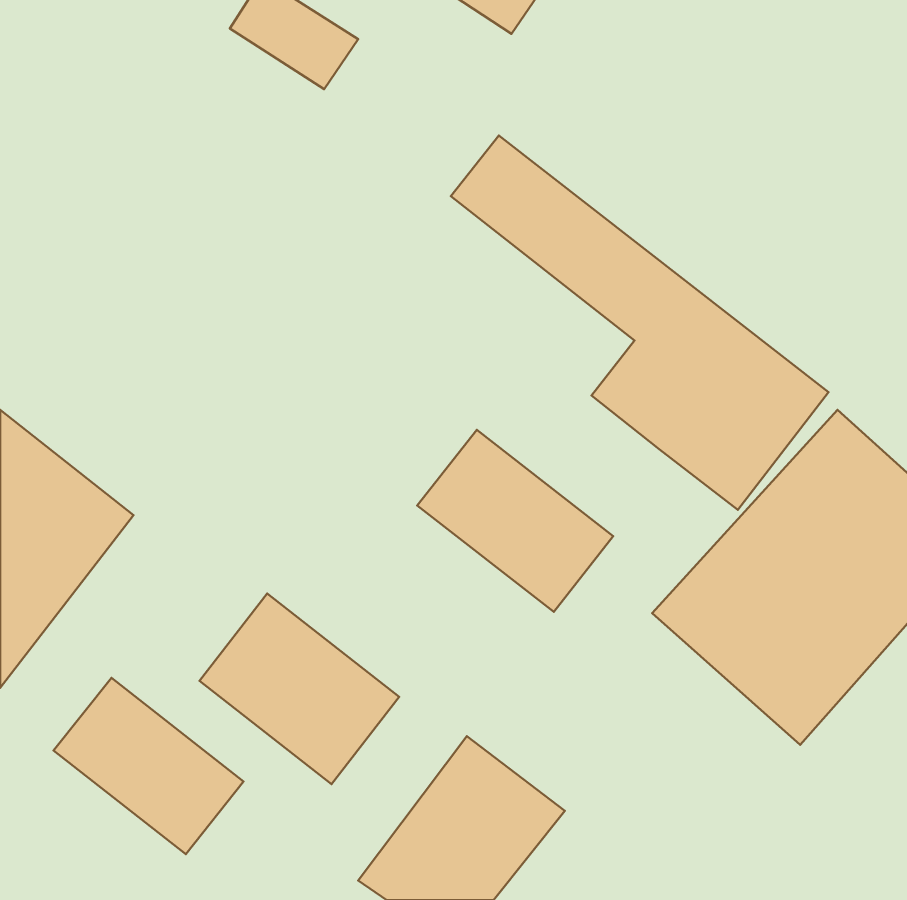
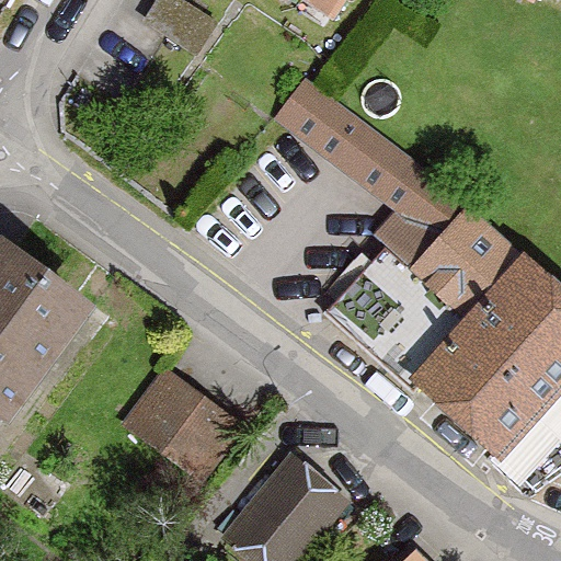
building: [417,430,613,612] -> none
building: [54,678,244,854] -> none

